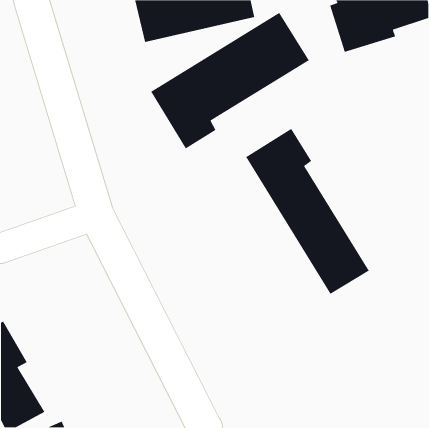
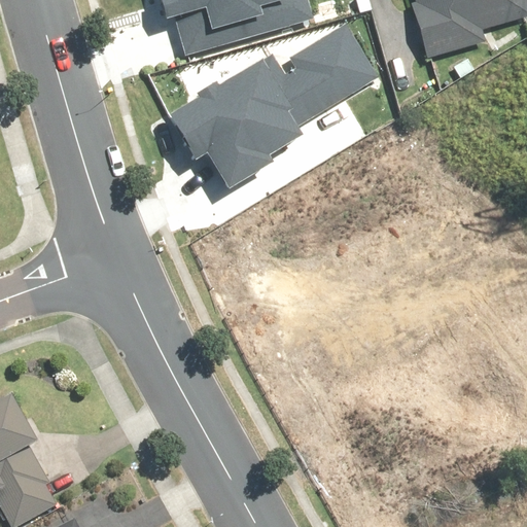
building: [245,128,370,295] -> none

